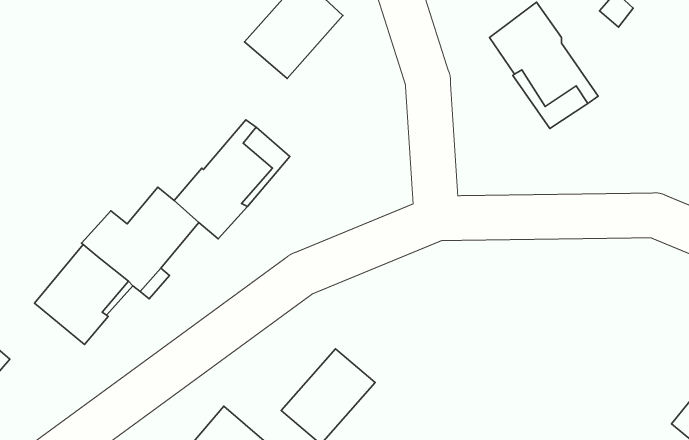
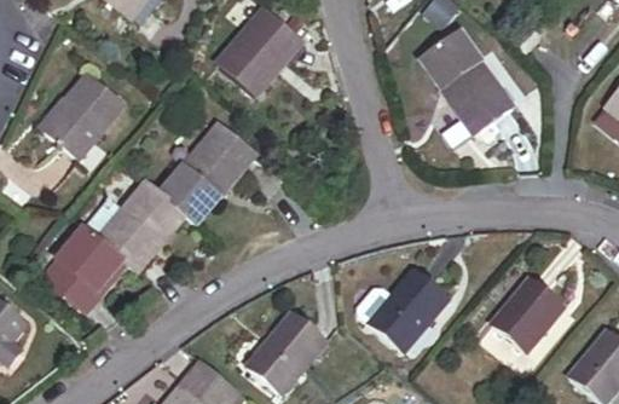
building: none -> [48,75,123,157]
building: none -> [360,269,449,352]
building: none -> [492,278,563,352]

